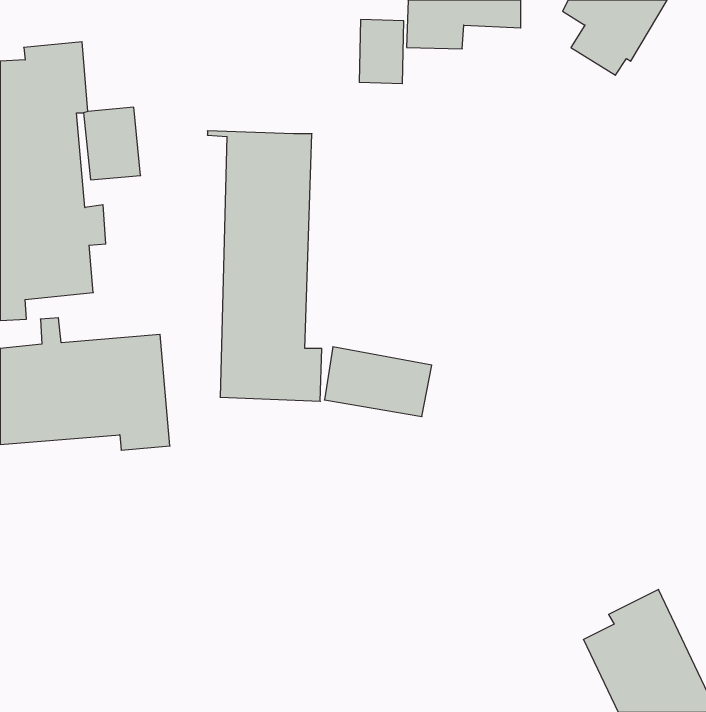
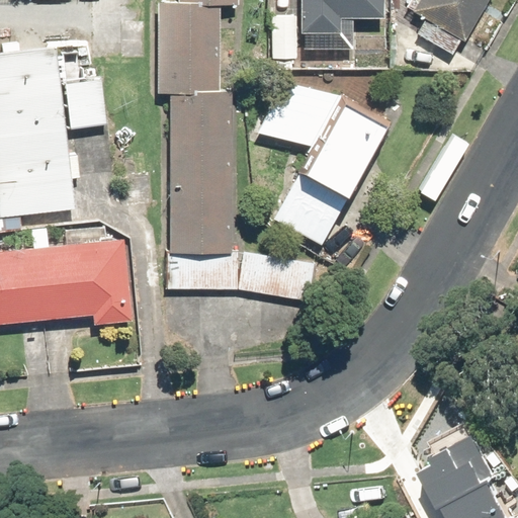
building: none -> [155,5,220,97]
building: none -> [251,82,383,247]

